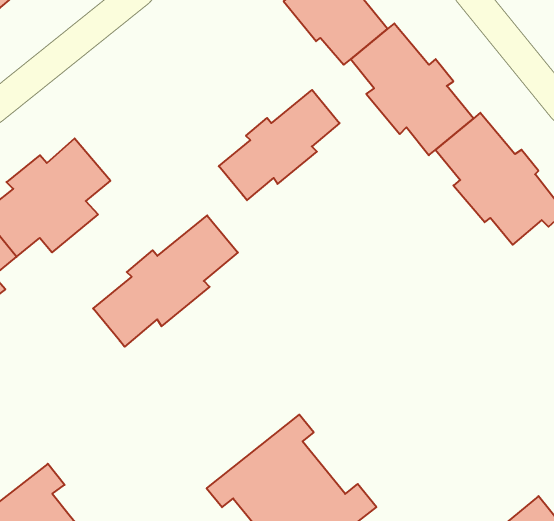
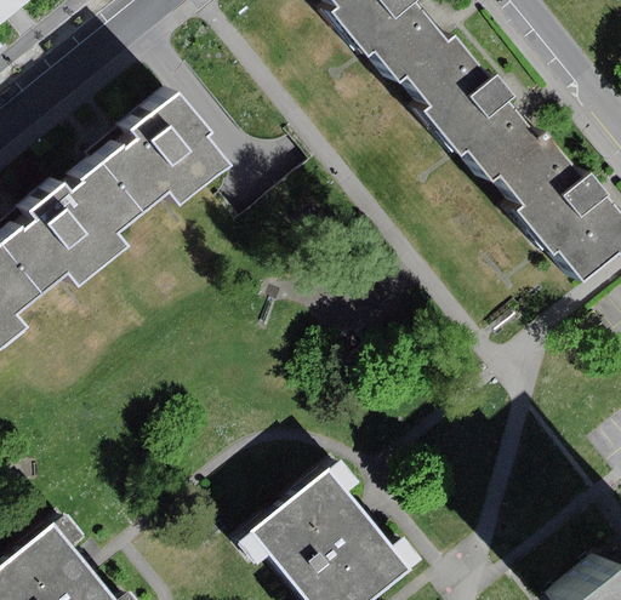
building: none -> [98,85,226,206]
building: [219,90,340,200] -> none
building: [93,215,238,347] -> none

